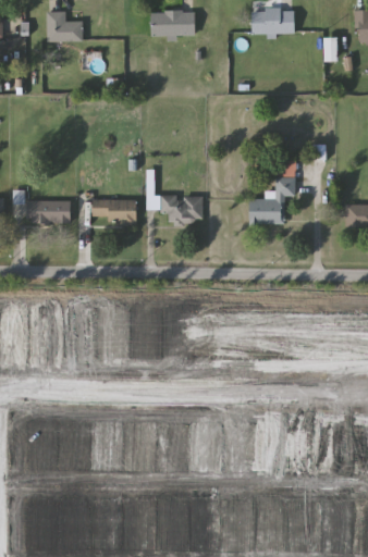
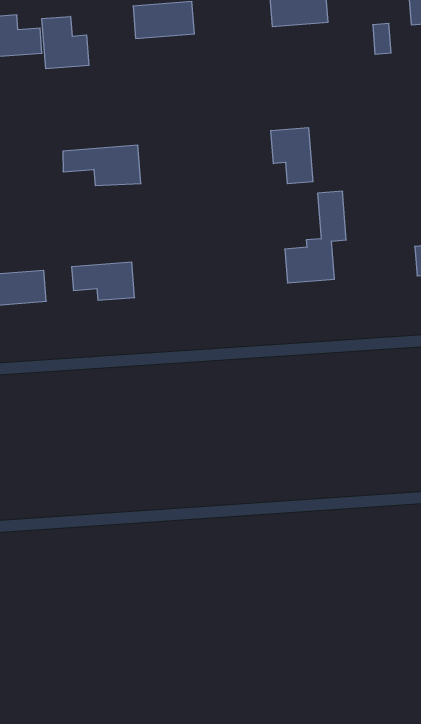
building: none -> [42,16,89,69]
building: none -> [271,128,313,184]
building: [146,196,203,224] -> [63,145,141,186]

